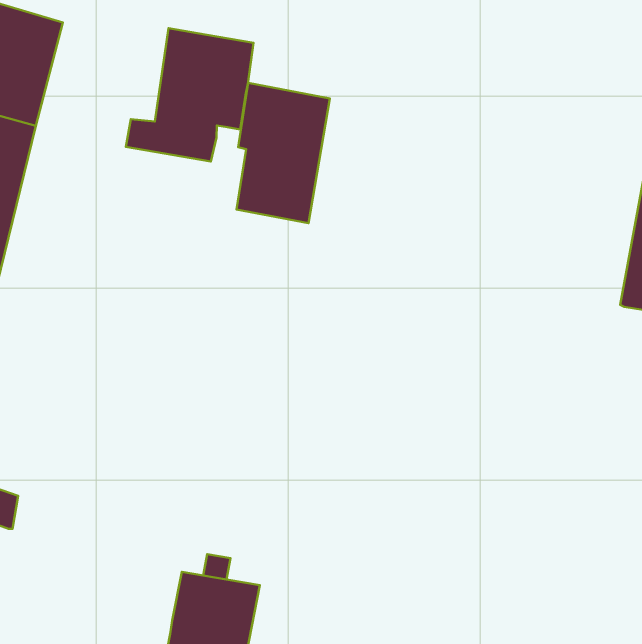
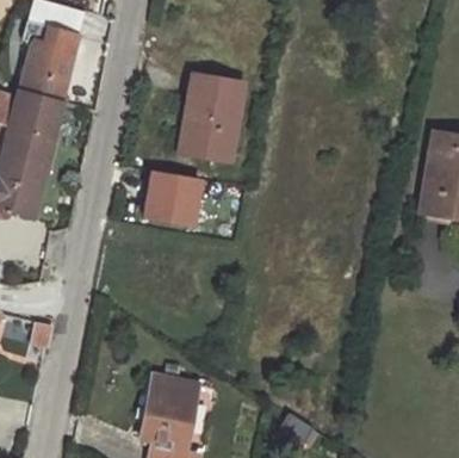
building: [126,28,254,162] -> none
building: none -> [144,171,200,228]

